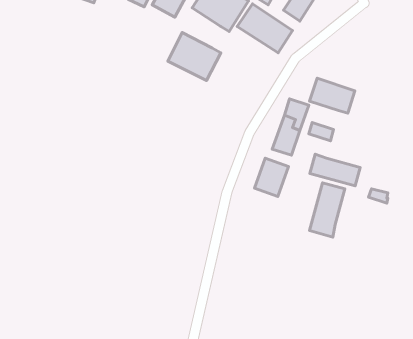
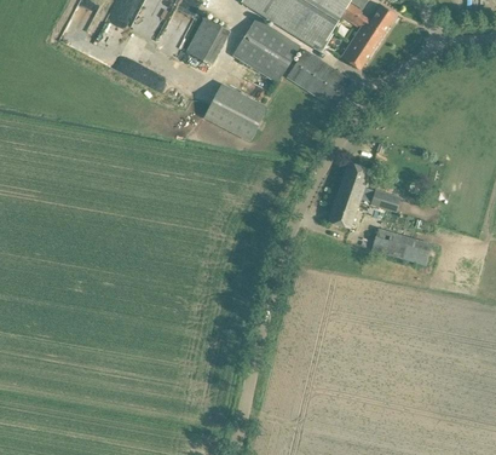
building: [309,78,355,113] -> none
building: [255,158,289,197] -> none
building: [309,183,345,237] -> none

